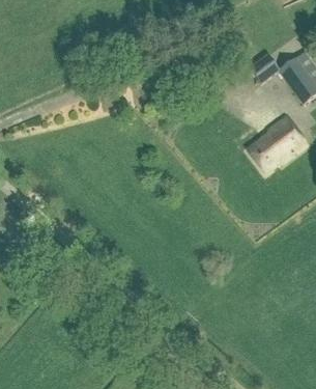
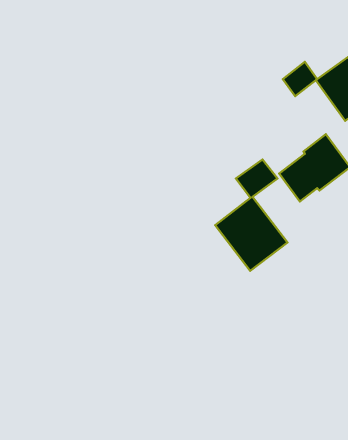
building: none -> [215,159,287,271]

